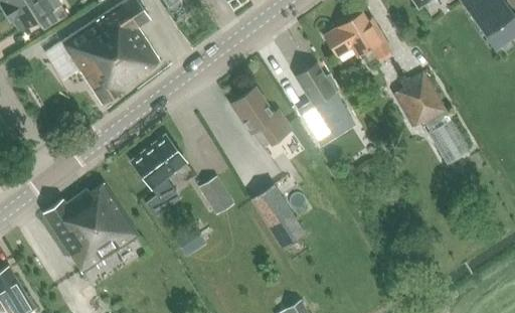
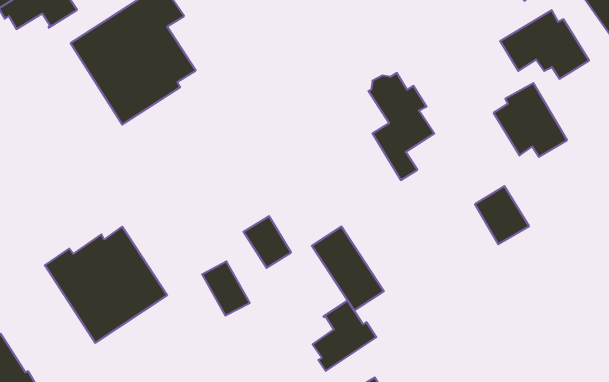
building: [324,11,393,64] -> [500,10,589,79]
building: [230,88,295,144] -> none
building: [430,120,472,165] -> [475,186,529,244]
building: [131,133,189,200] -> none
building: none -> [313,301,376,371]

